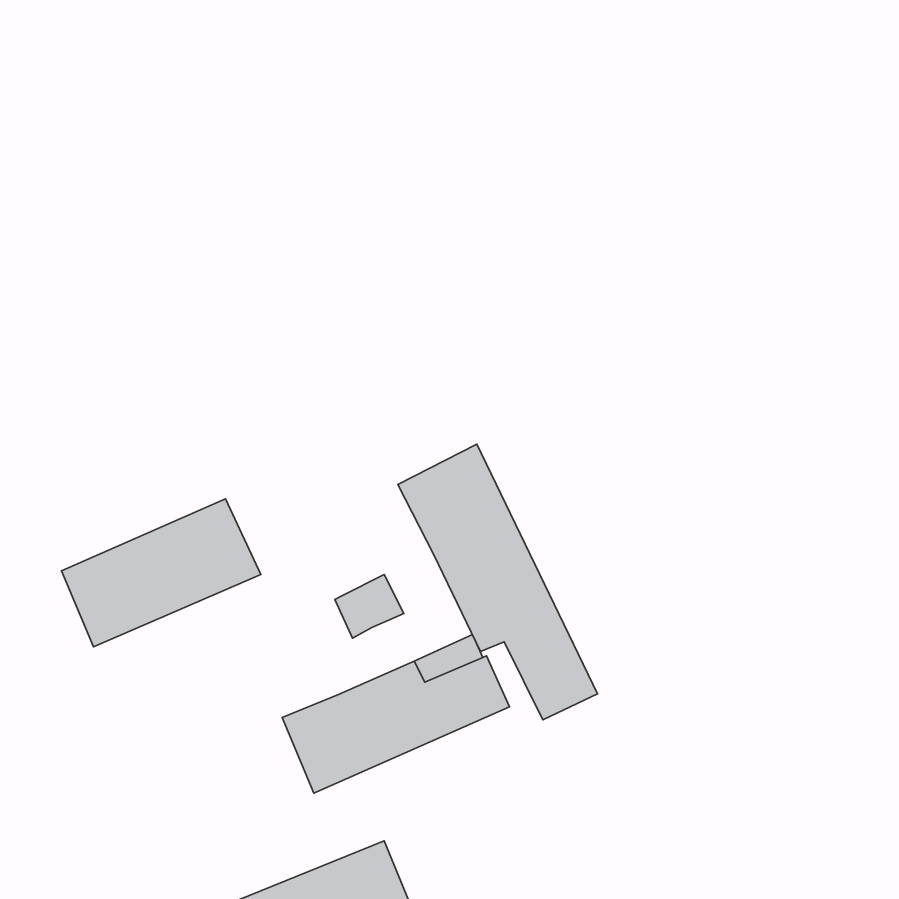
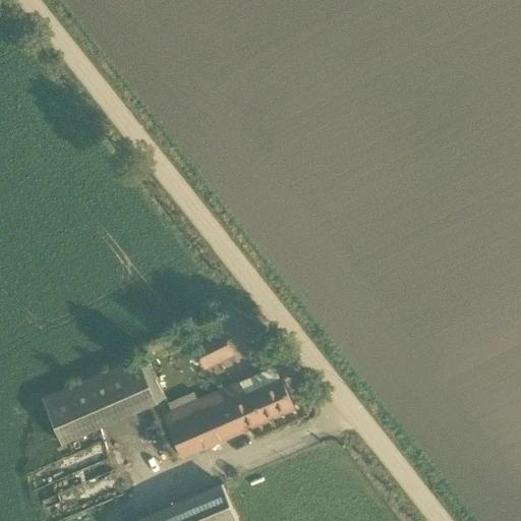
building: [398,444,597,720] -> none
building: [62,499,261,647] -> [43,359,158,445]

